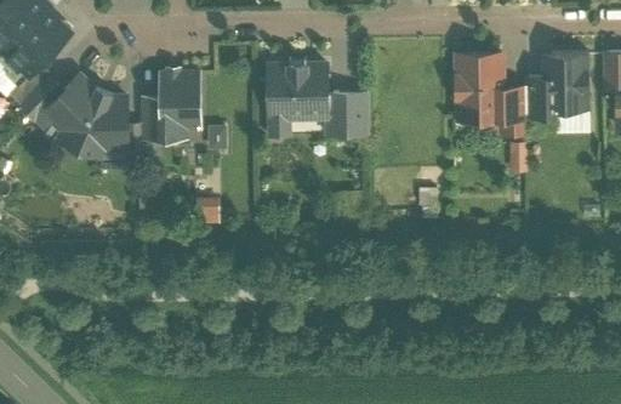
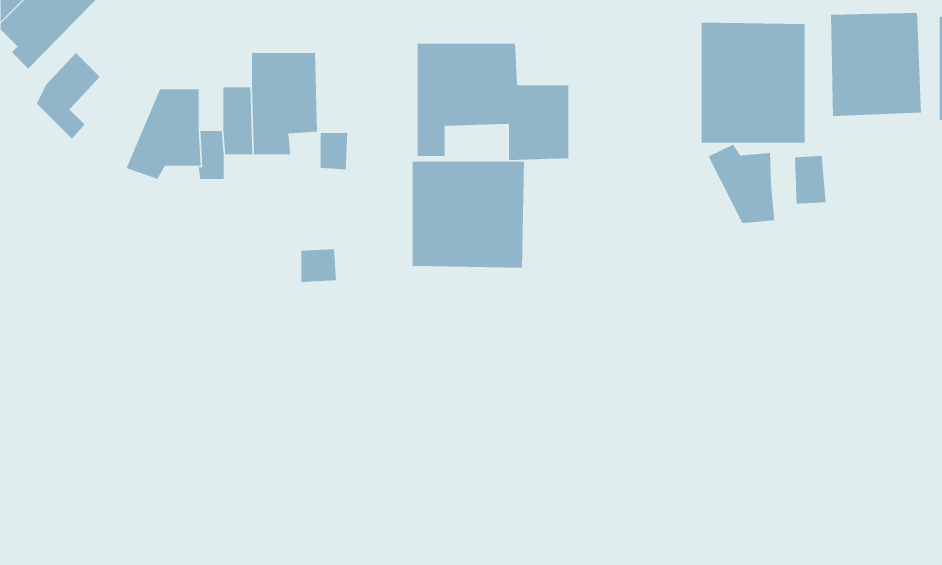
building: [49,73,106,146] -> none
building: none -> [708,144,775,224]
building: none -> [412,161,525,269]

